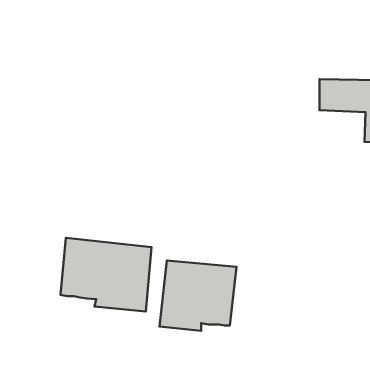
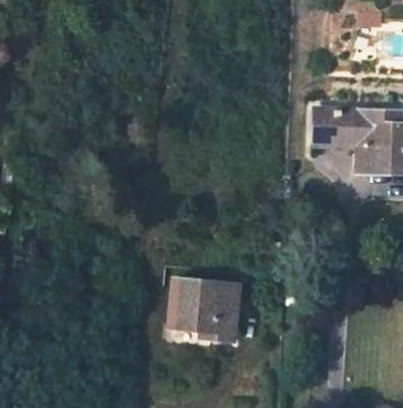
building: [61,238,152,312] -> none

